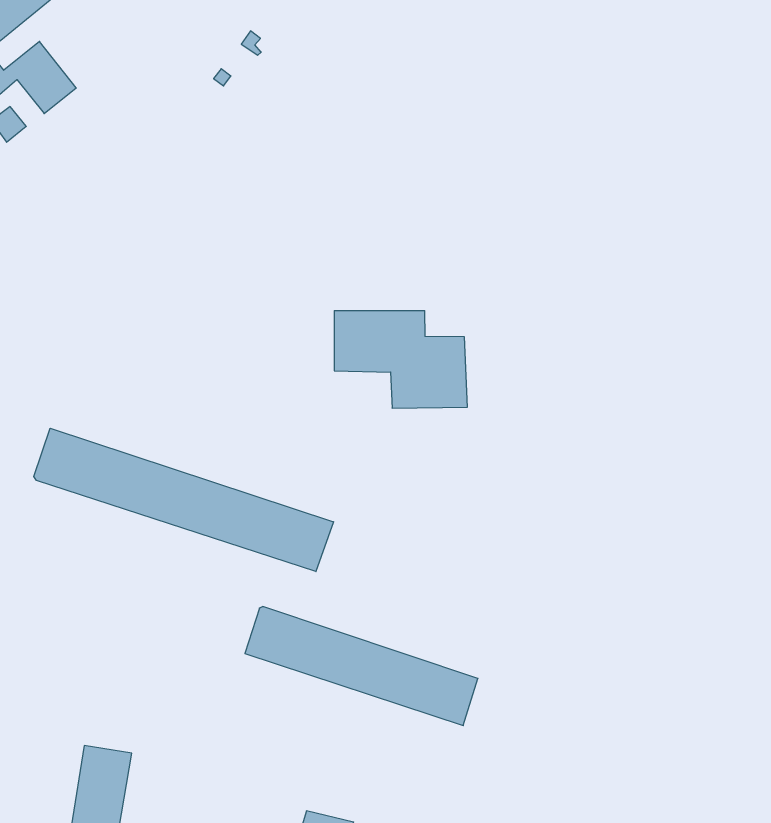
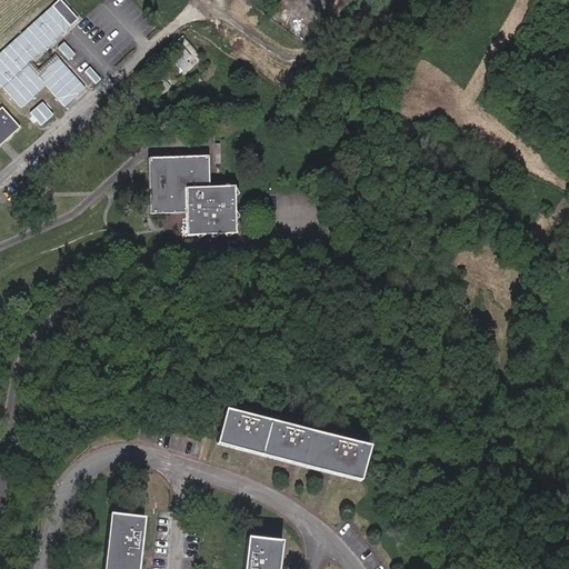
building: [334,311,467,408] -> [150,163,240,228]
building: [34,428,334,572] -> none

